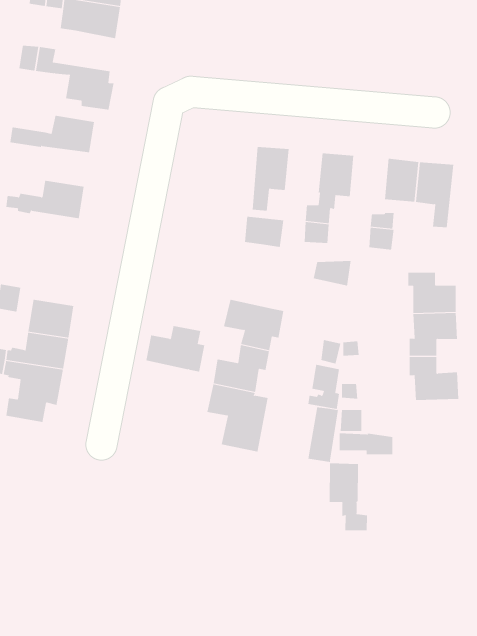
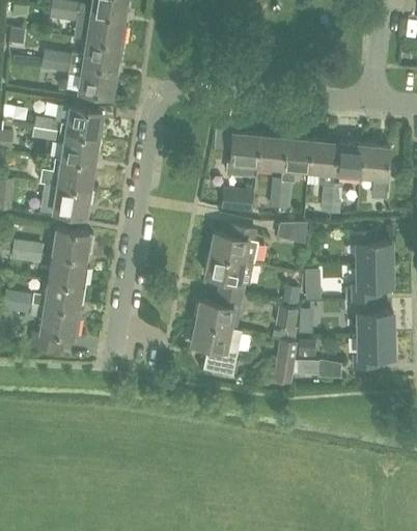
building: none -> [70,39,119,72]
building: none -> [58,132,99,164]
building: none -> [255,134,284,169]
building: none -> [307,139,337,174]
building: none -> [50,184,90,217]
building: none -> [53,228,90,259]
building: [145,326,205,372] -> [211,226,258,263]
building: none -> [355,334,394,367]
building: [329,463,368,531] -> none

